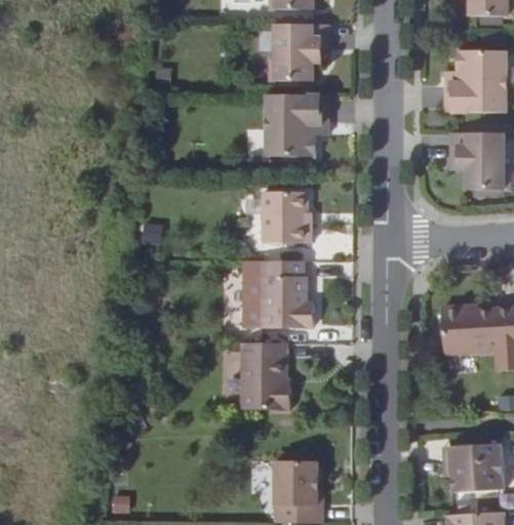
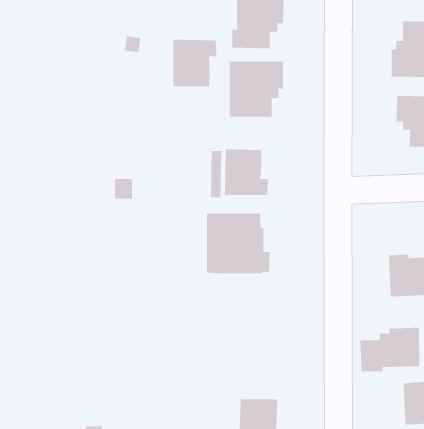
building: none -> [173,39,217,87]
building: [239,342,287,410] -> none
building: none -> [360,327,420,372]

